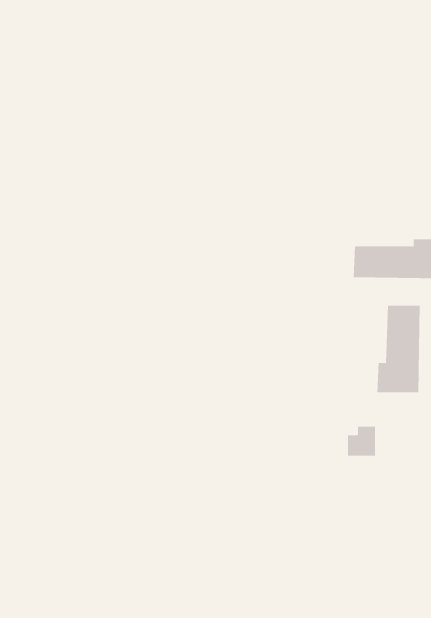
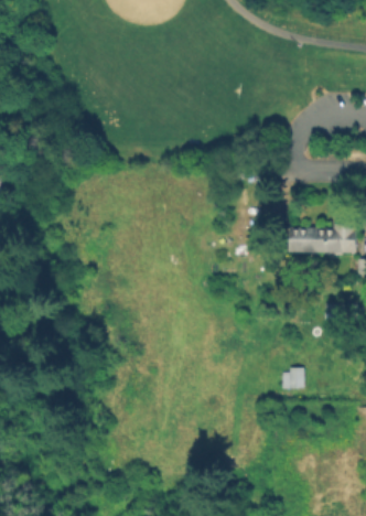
building: [377,305,420,393] -> none

